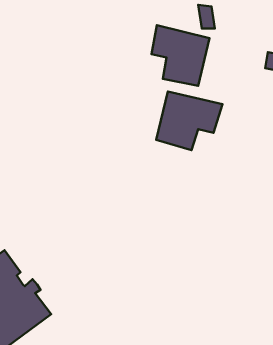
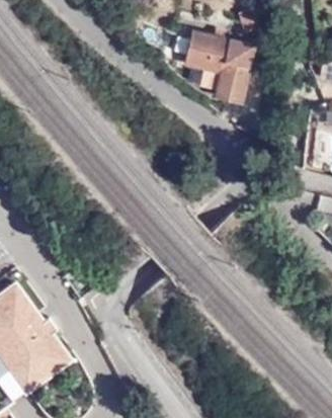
building: [156,91,222,150] -> none

